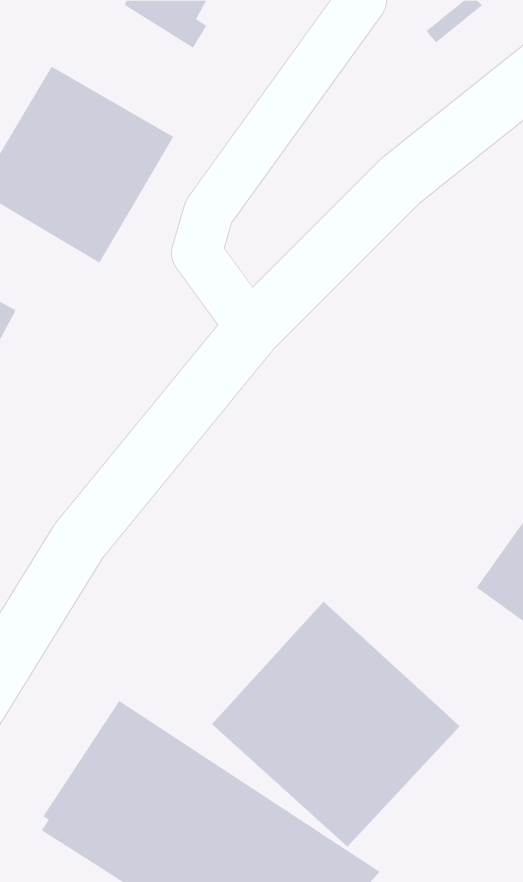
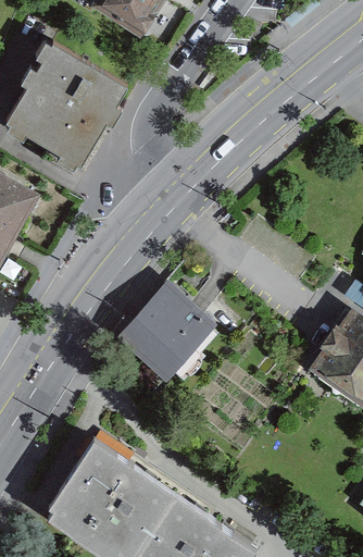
building: none -> [118,285,222,383]
building: [211,601,461,848] -> none

